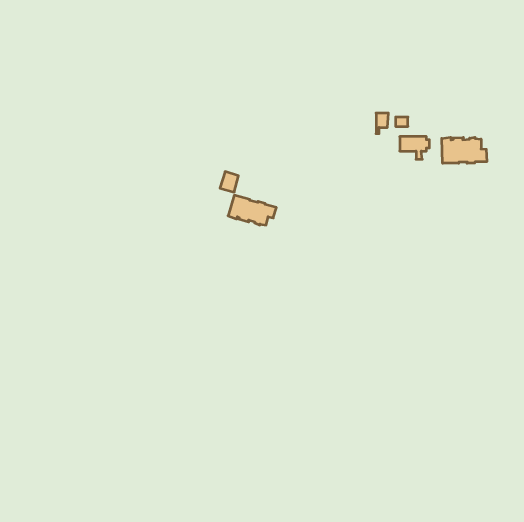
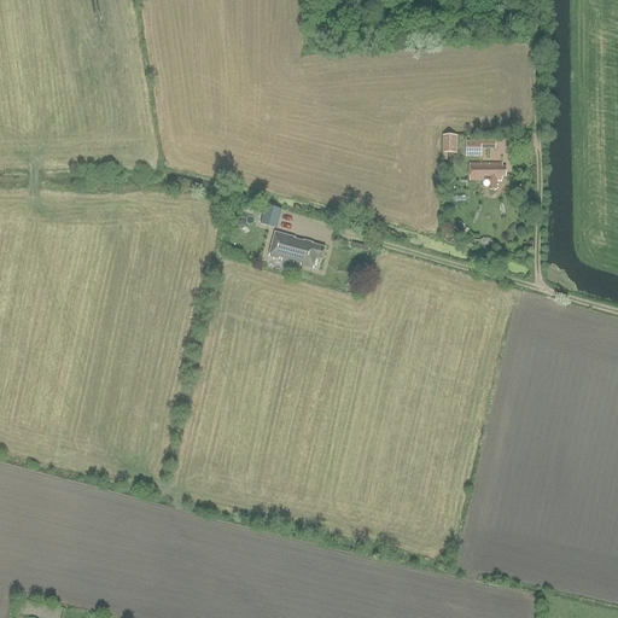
building: [442,137,487,163] -> none

